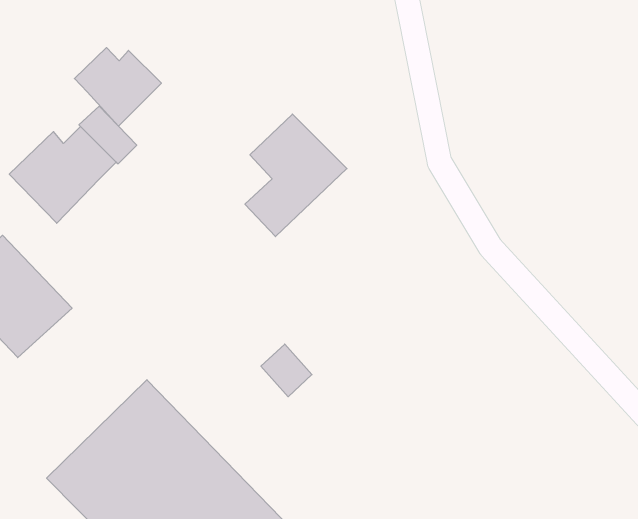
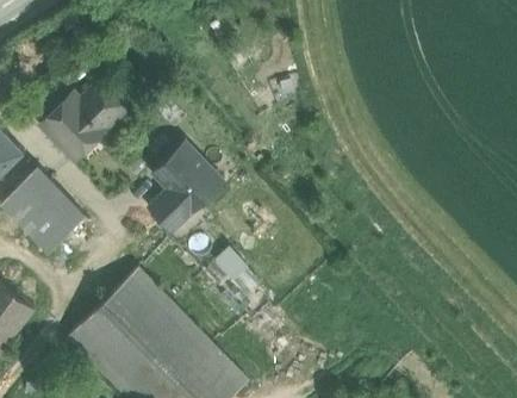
building: [74,48,161,126] -> none
building: [245,114,347,237] -> [151,144,223,230]

